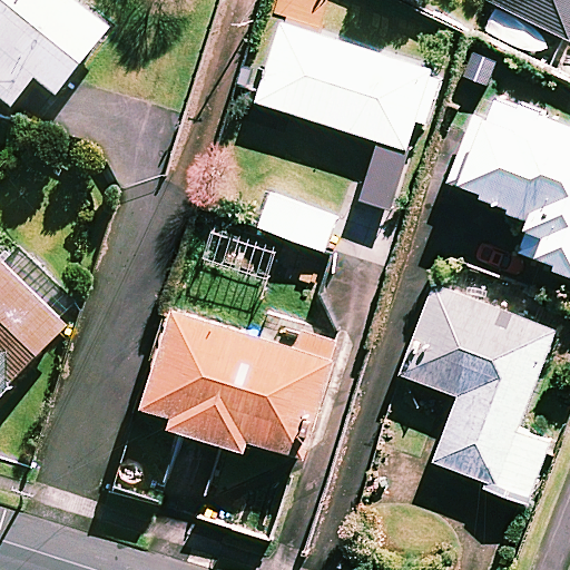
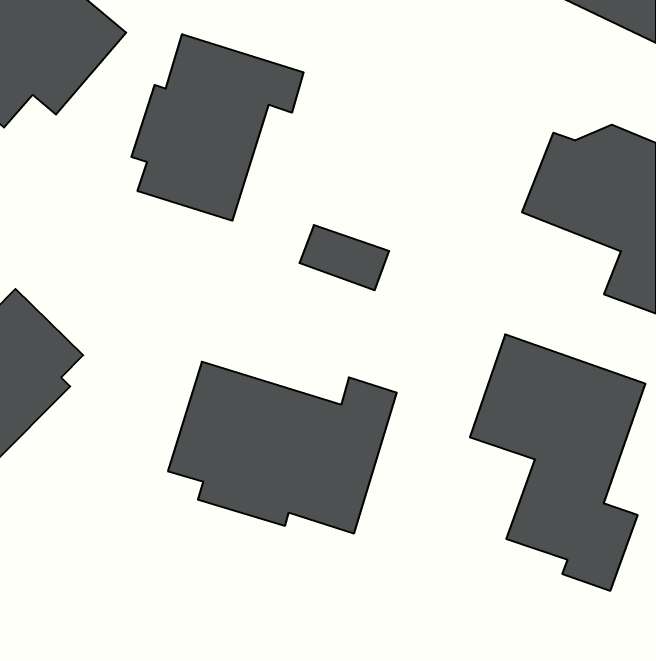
building: [255,21,442,209] -> none
building: none -> [131,34,304,221]

